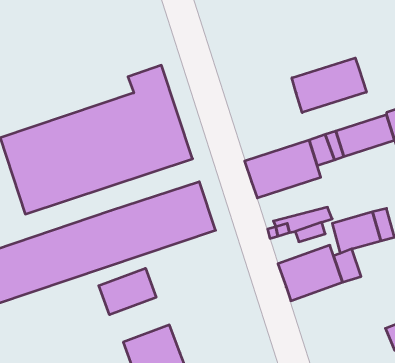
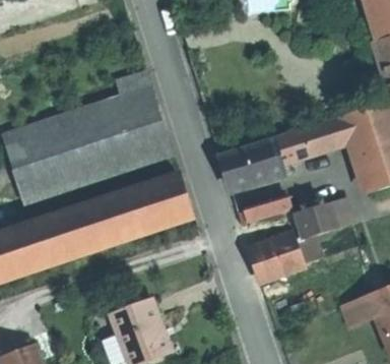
building: [292,58,366,113] -> none
building: [99,268,156,315] -> none

